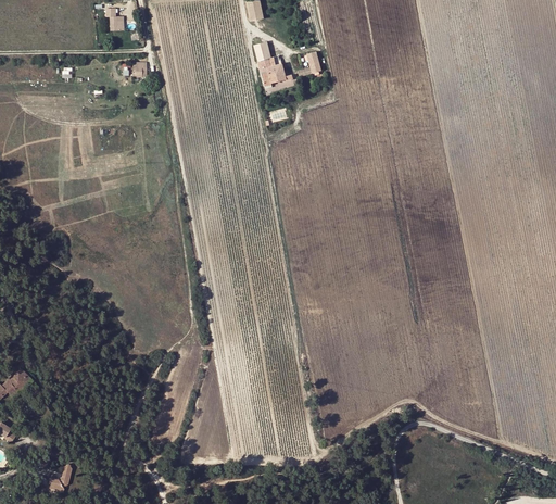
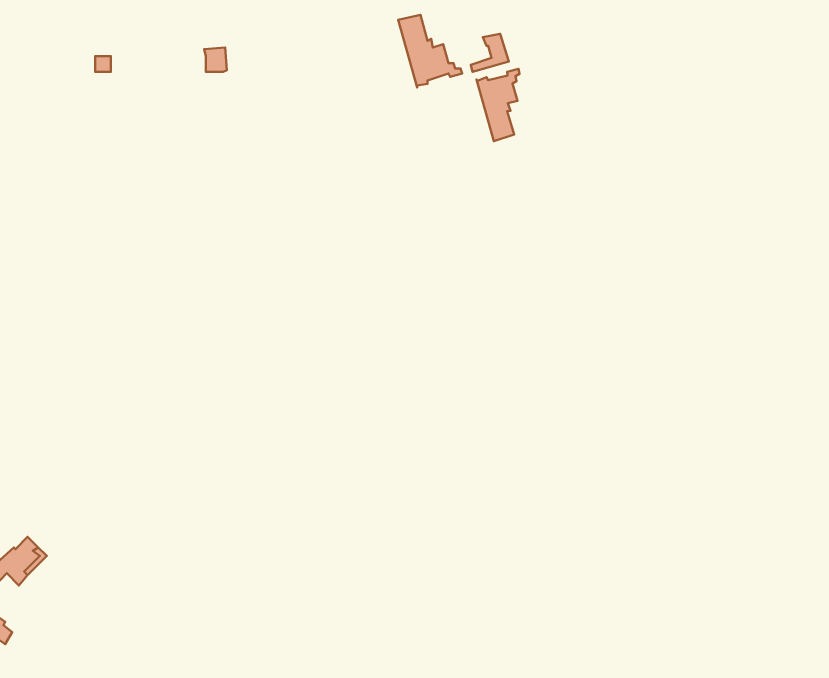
building: none -> [477,69,520,141]

